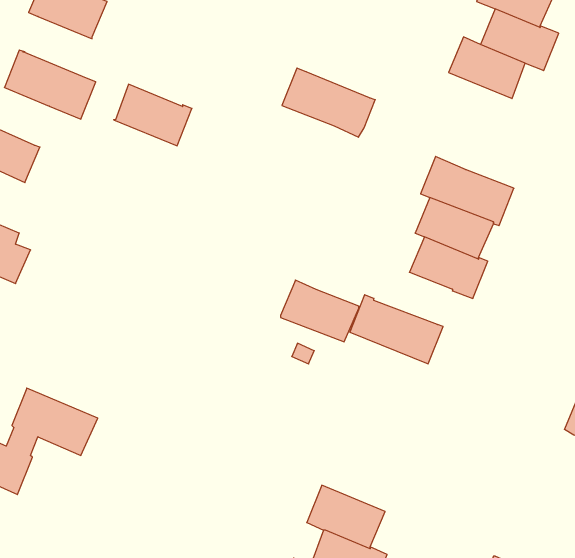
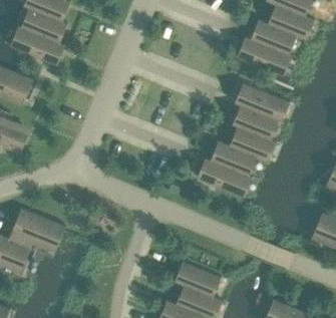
building: [282,68,375,137] -> [239,38,289,75]
building: [114,84,192,146] -> [23,10,65,43]
building: [281,280,359,342] -> [212,142,254,176]

